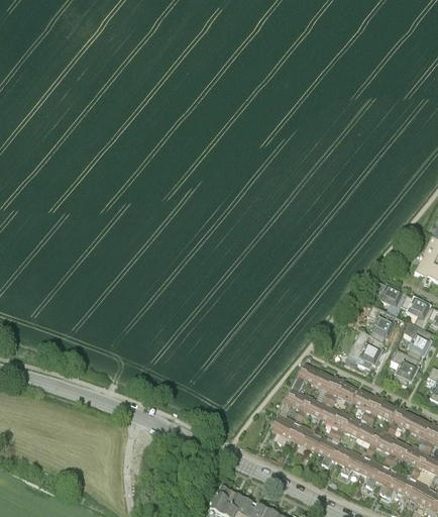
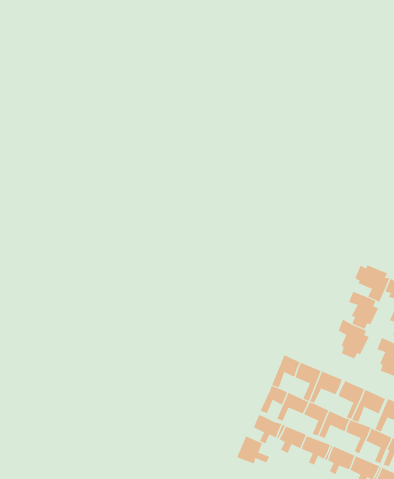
building: none -> [237,435,270,464]

